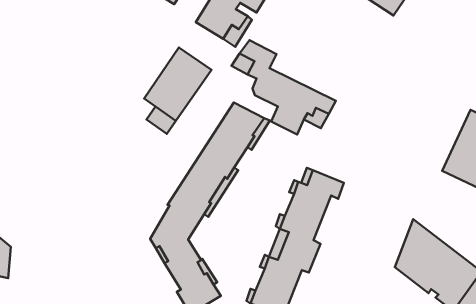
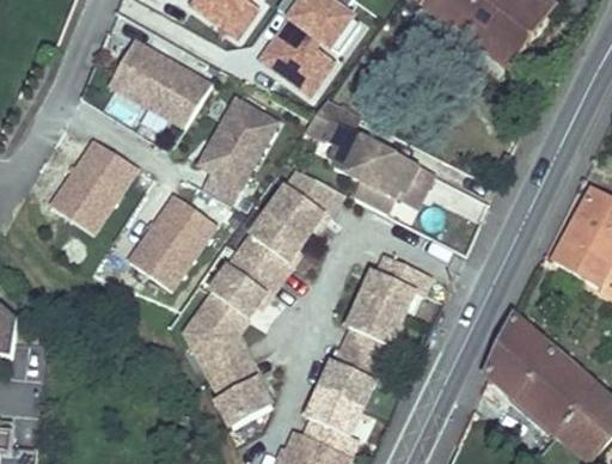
building: none -> [108,43,213,135]
building: none -> [48,146,134,239]
building: none -> [115,184,204,279]

